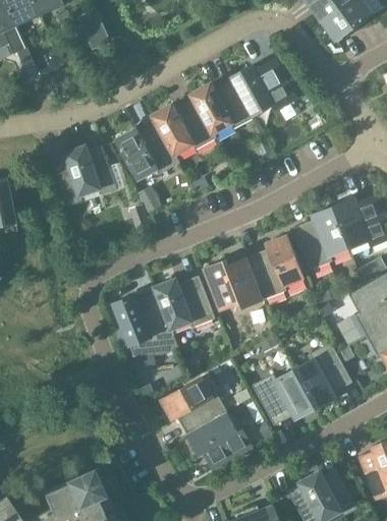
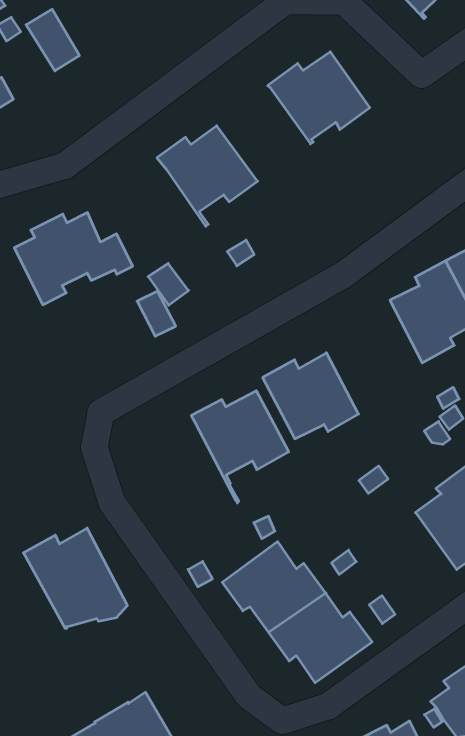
building: [189,78,253,139] -> none
building: [114,124,177,181] -> none
building: [246,236,302,300] -> none
building: [111,293,175,357] -> [23,528,127,628]
building: [251,369,315,426] -> none

